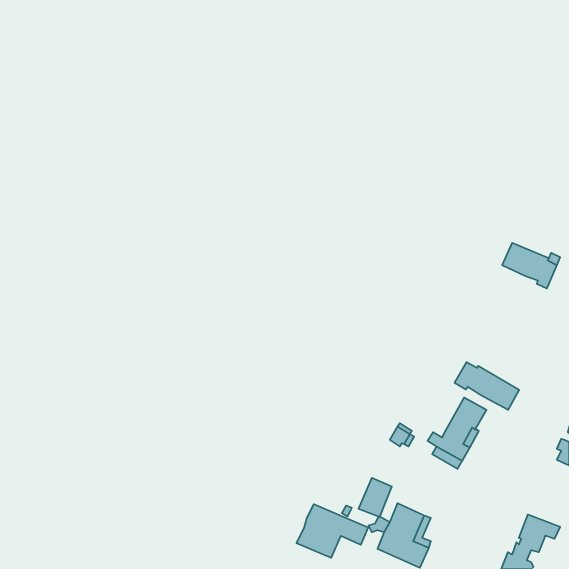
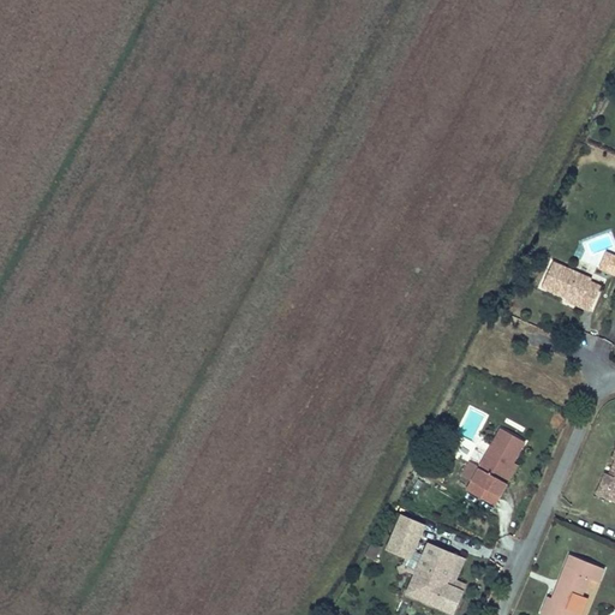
building: [454,362,519,410] -> none
building: [296,504,368,558] -> none

